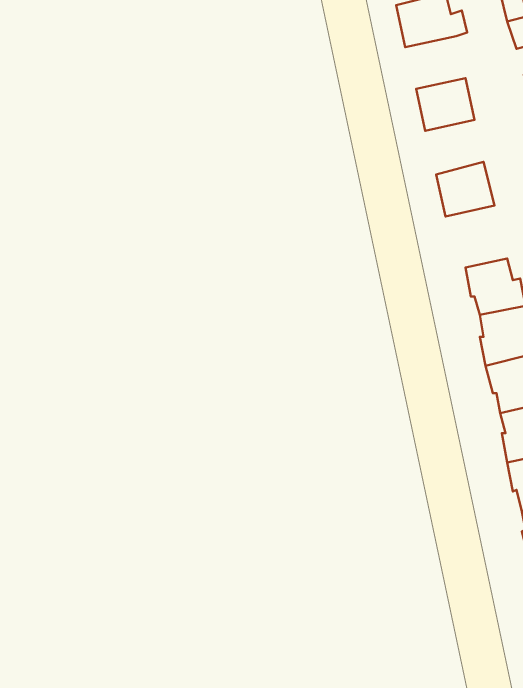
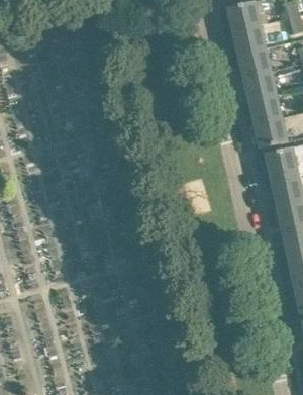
building: none -> [232,25,266,55]
building: none -> [243,72,276,102]
building: none -> [255,119,287,149]

